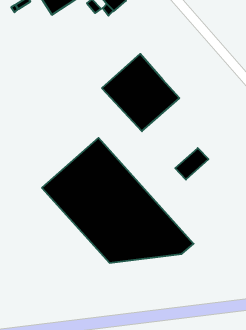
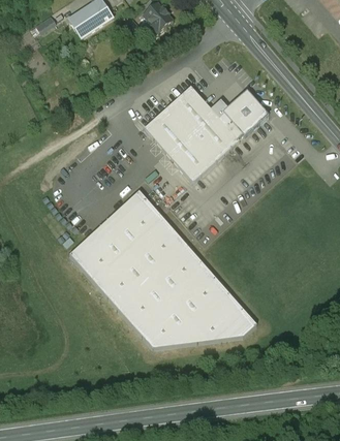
building: none -> [219,91,269,139]
building: [175,148,208,180] -> none

